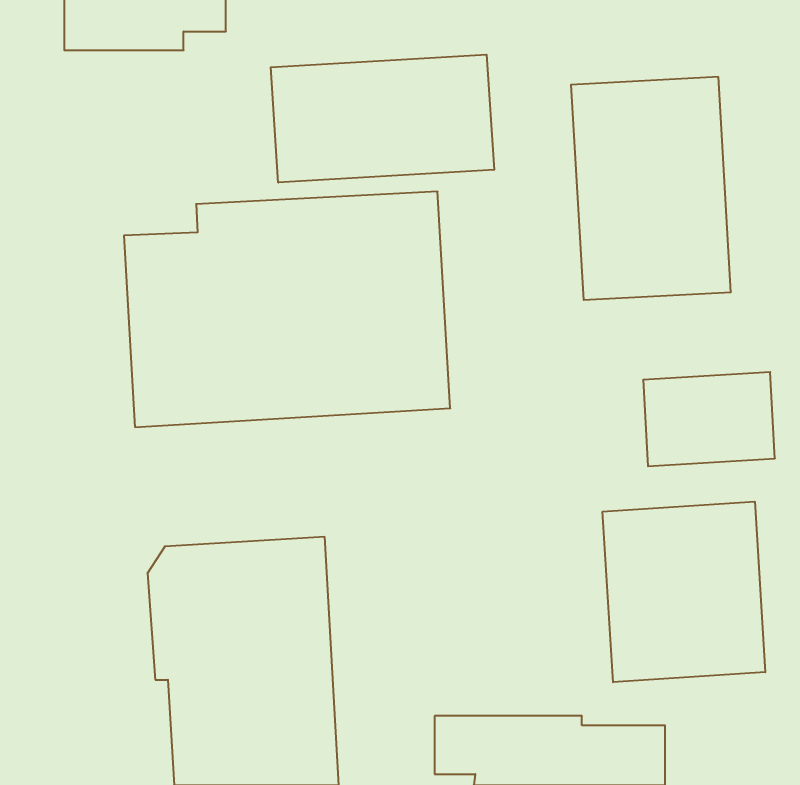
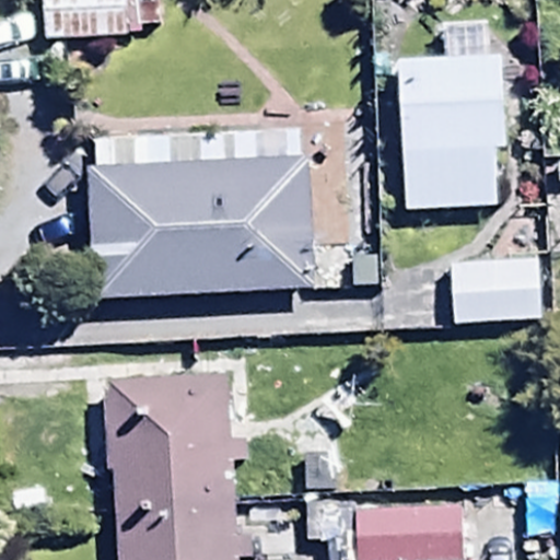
building: [271,55,494,183] -> none
building: [603,502,765,682] -> none

